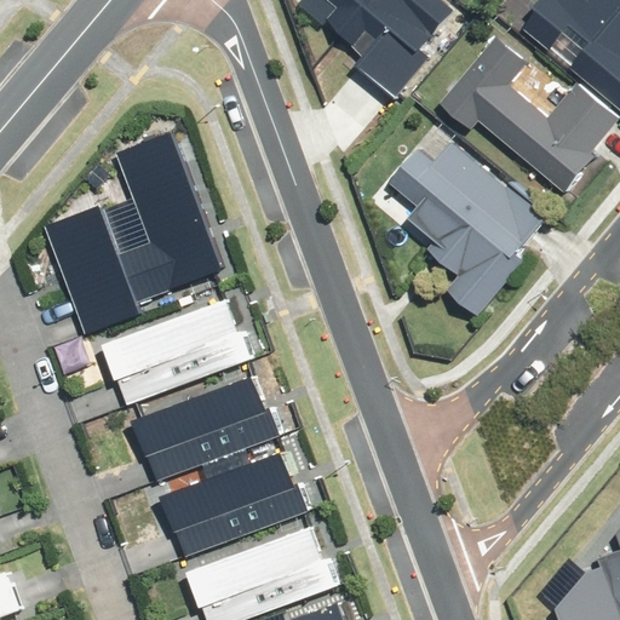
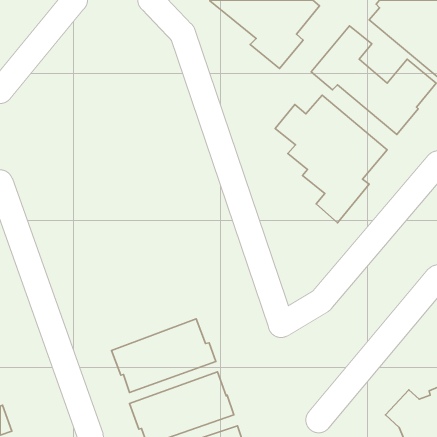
building: [45,132,222,333] -> none
building: [101,300,246,404] -> none
building: [130,375,277,481] -> none

